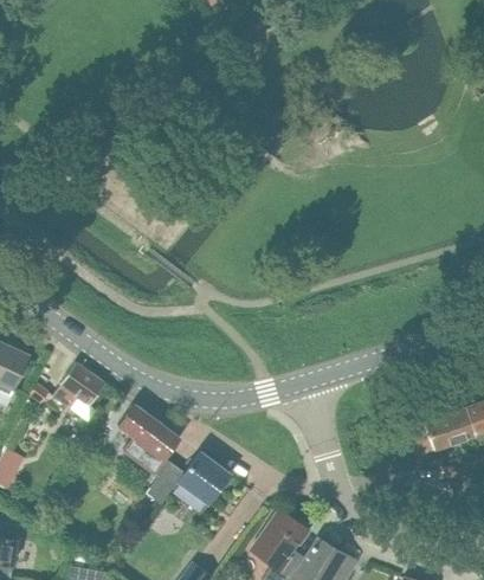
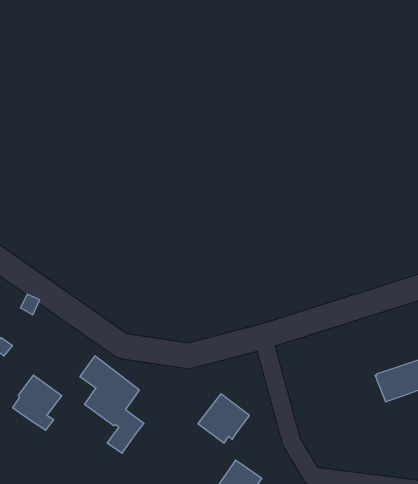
building: [54,362,105,419] -> [13,375,62,430]
building: [176,452,230,503] -> [198,394,249,443]

